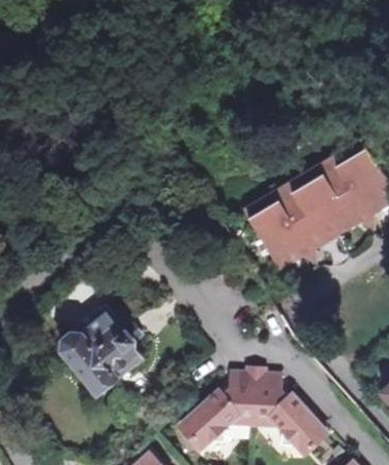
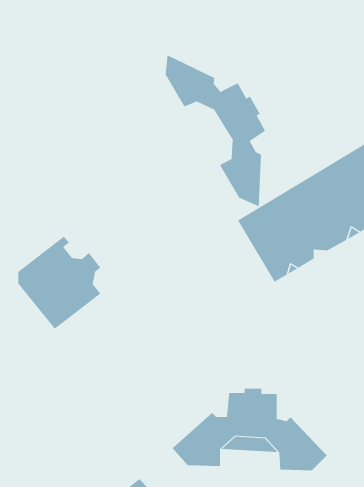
building: none -> [165,54,266,207]
building: [64,305,143,393] -> [18,236,101,330]

